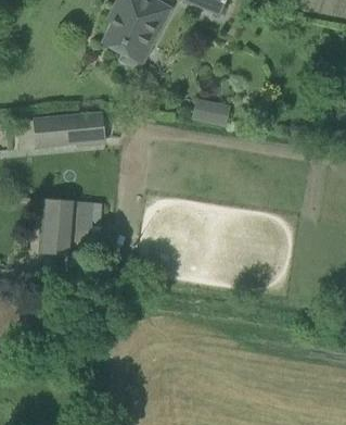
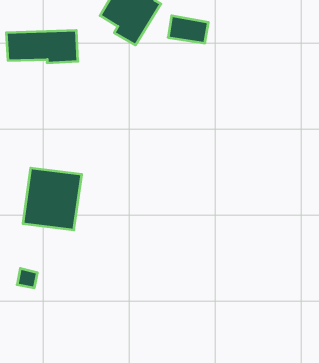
building: [197,98,236,123] -> [168,16,208,43]
building: [35,113,107,147] -> [6,30,78,63]

